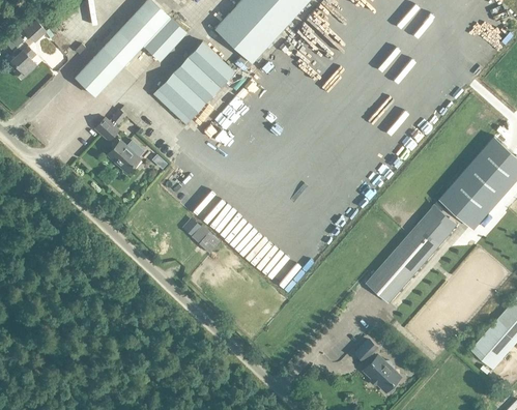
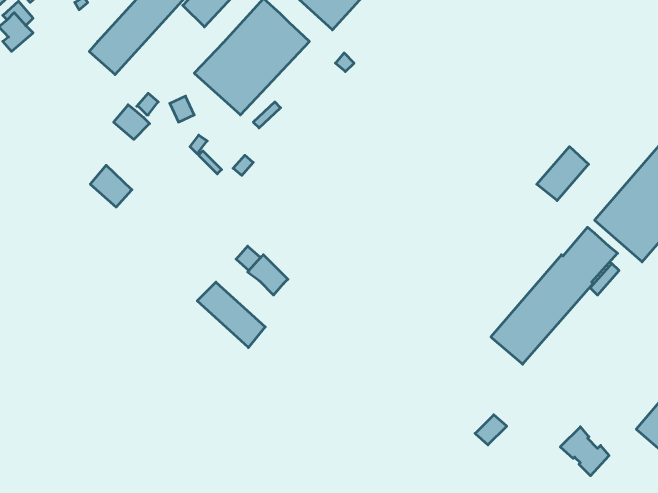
building: [109,142,139,172] -> [90,165,132,207]
building: none -> [537,147,589,201]
building: none -> [197,282,265,348]
building: [364,356,399,391] -> [560,427,609,476]

